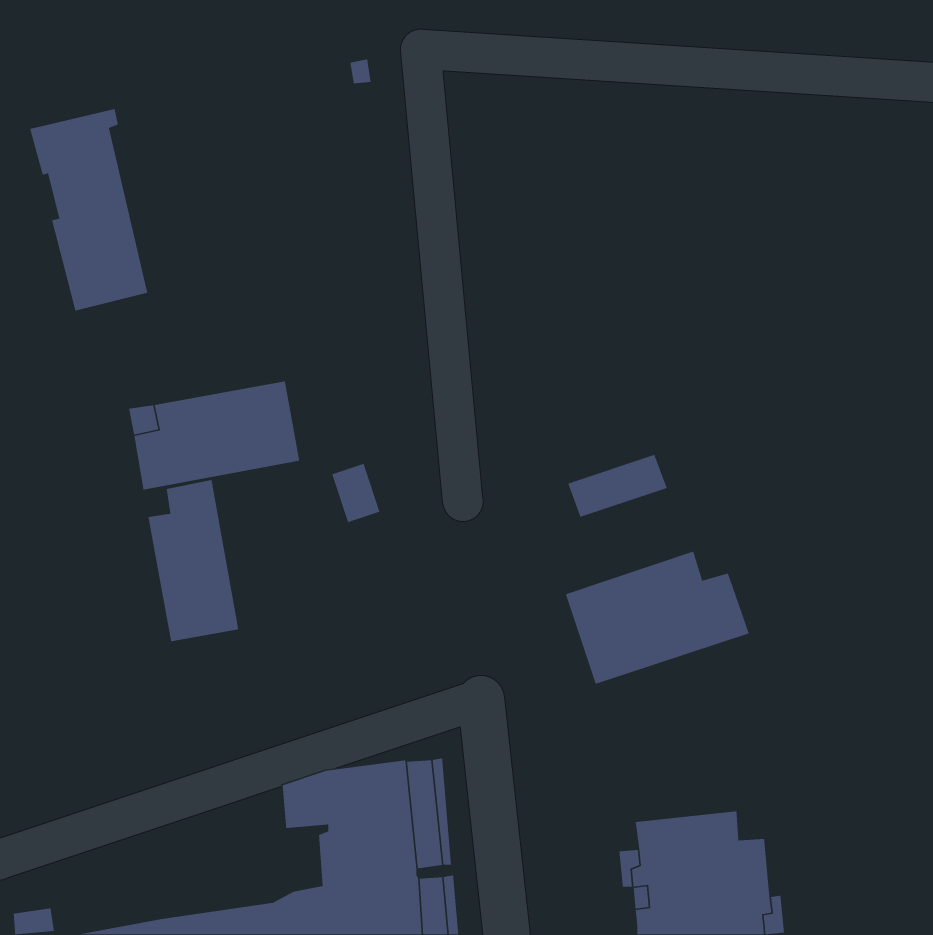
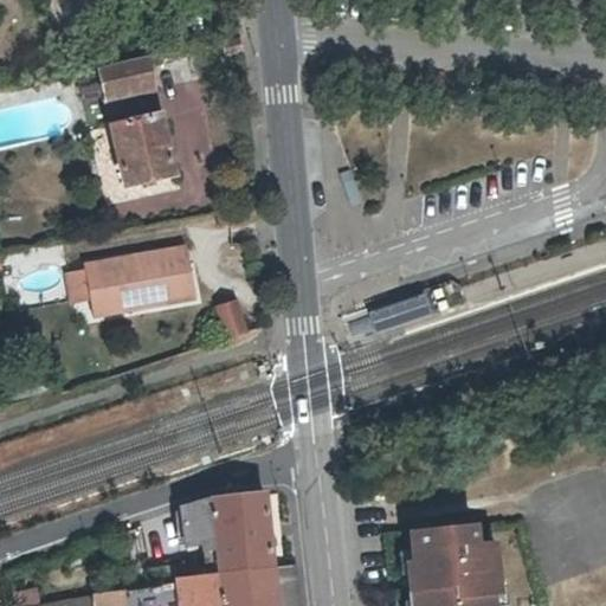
building: [29,108,148,311] -> [96,57,173,188]
building: [147,479,239,642] -> none
building: [565,551,750,685] -> none

